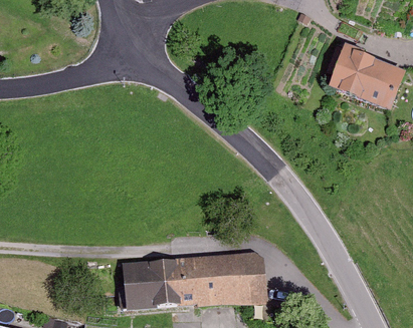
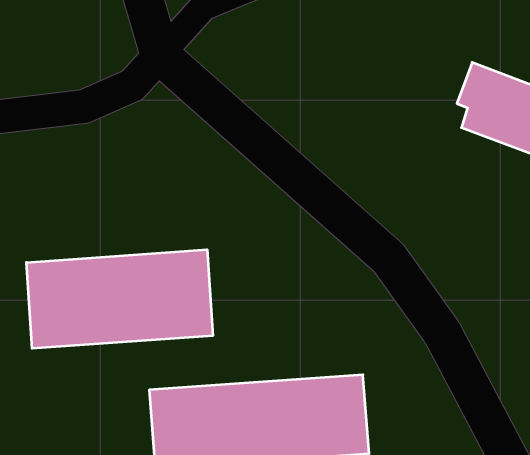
building: none -> [26,250,213,348]

